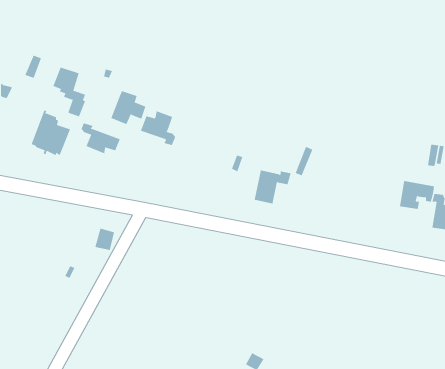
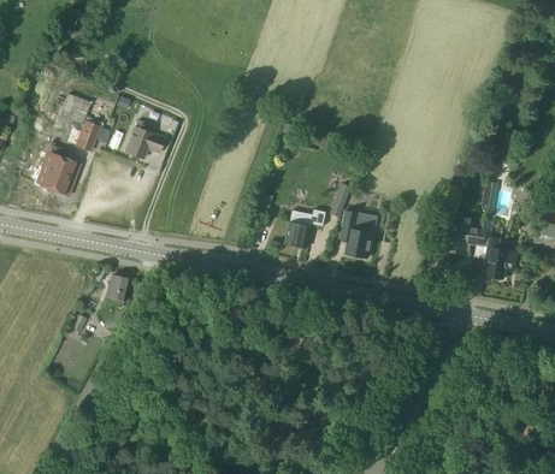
building: [140,110,176,146] -> none
building: [81,122,120,154] -> none
building: none -> [341,211,372,256]

